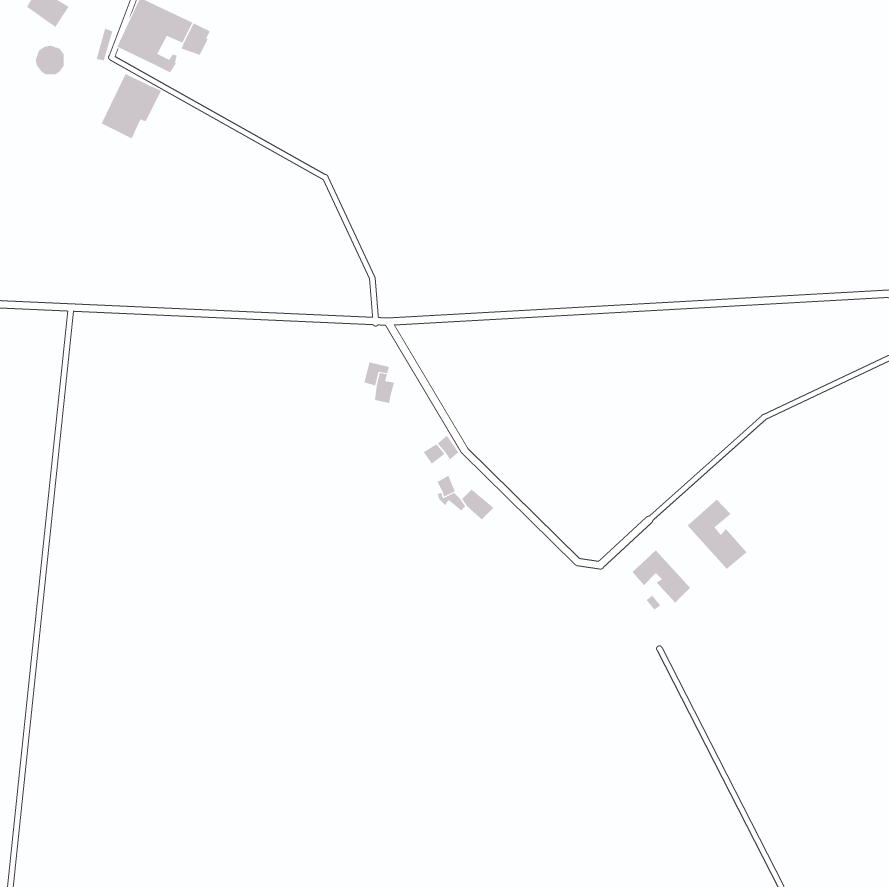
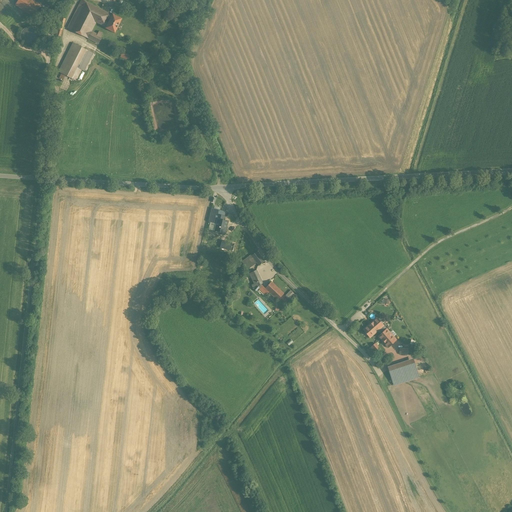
building: [687,499,748,570] -> none
building: none -> [387,358,419,385]

